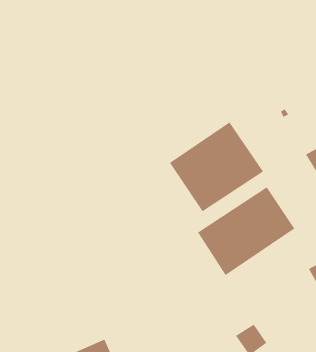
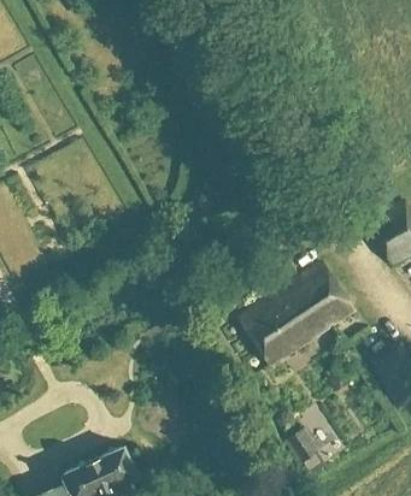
building: [169,121,264,212] -> none

